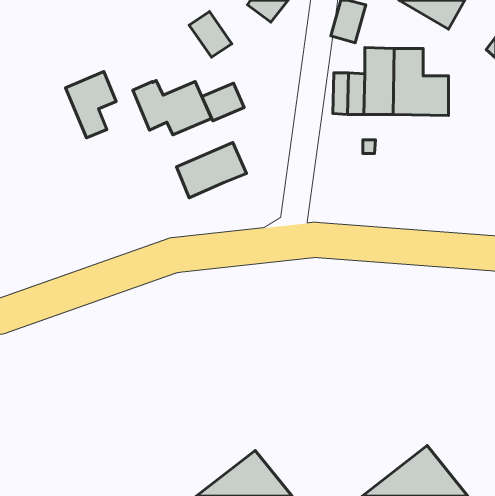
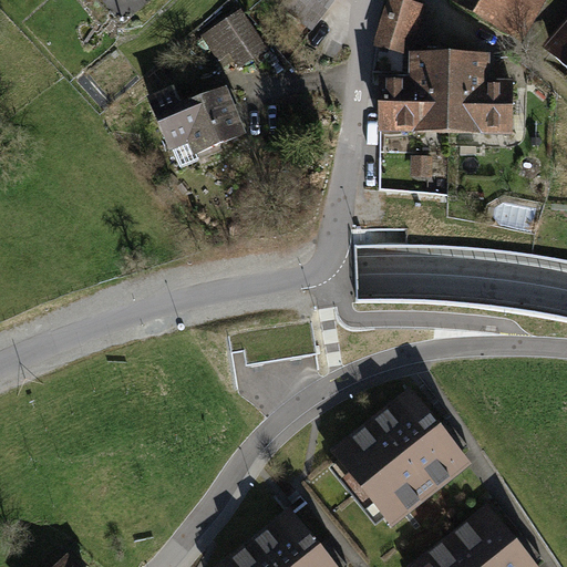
building: [65,71,116,138] -> none
building: [202,83,244,121] -> none
building: [176,143,247,198] -> none
building: none -> [337,393,467,523]

